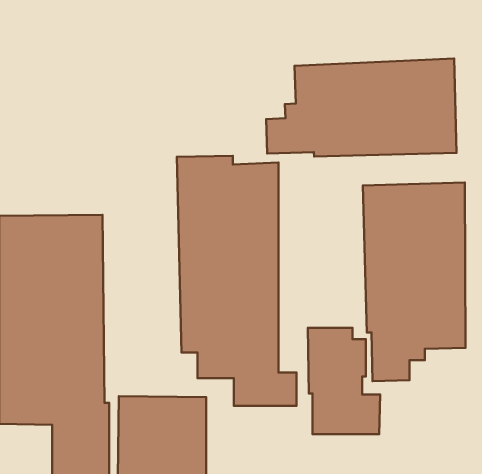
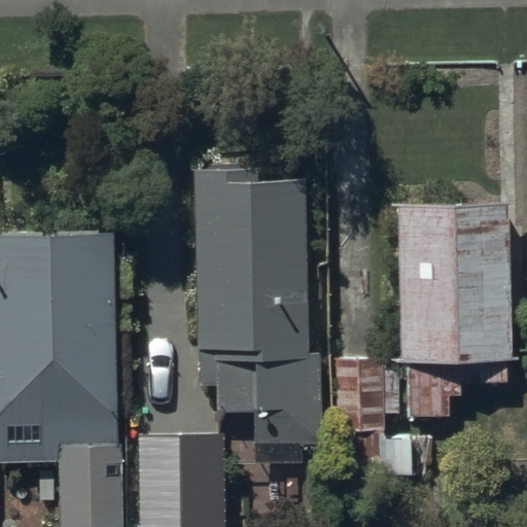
building: [266,59,456,157] -> none

